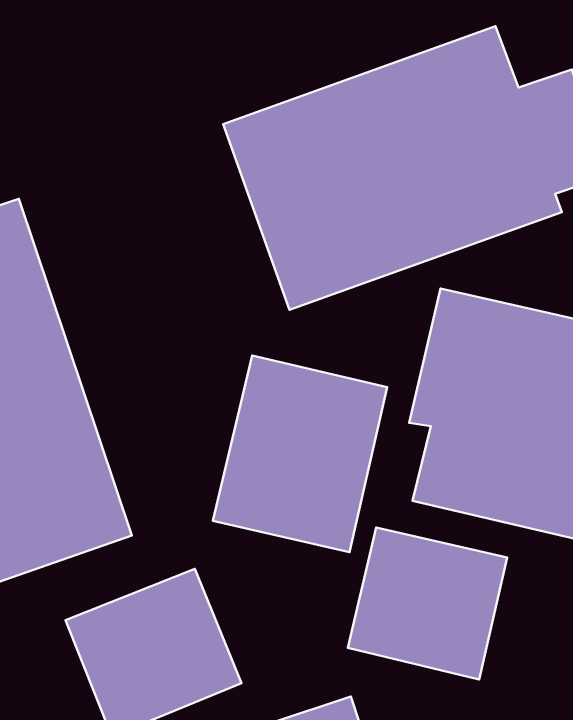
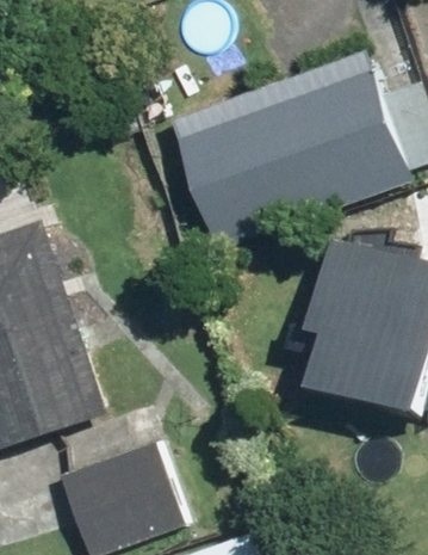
building: [213,355,387,552] -> none
building: [348,528,507,679] -> none

